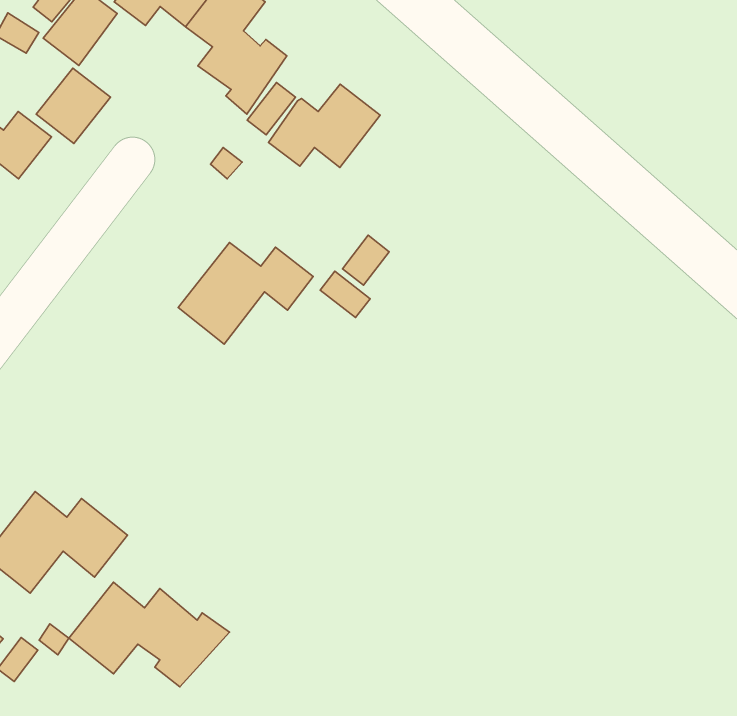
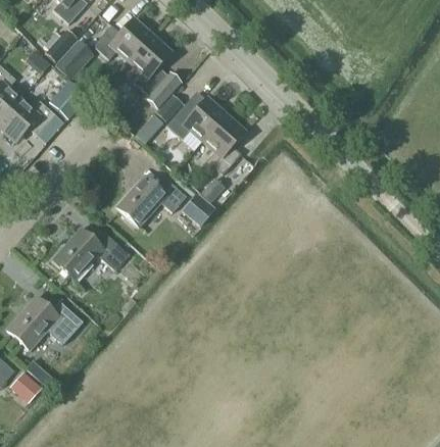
building: none -> [203,114,244,172]
building: none -> [52,228,130,279]
building: [69,582,229,687] -> none

